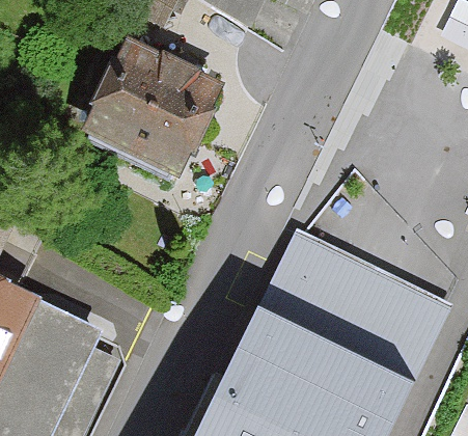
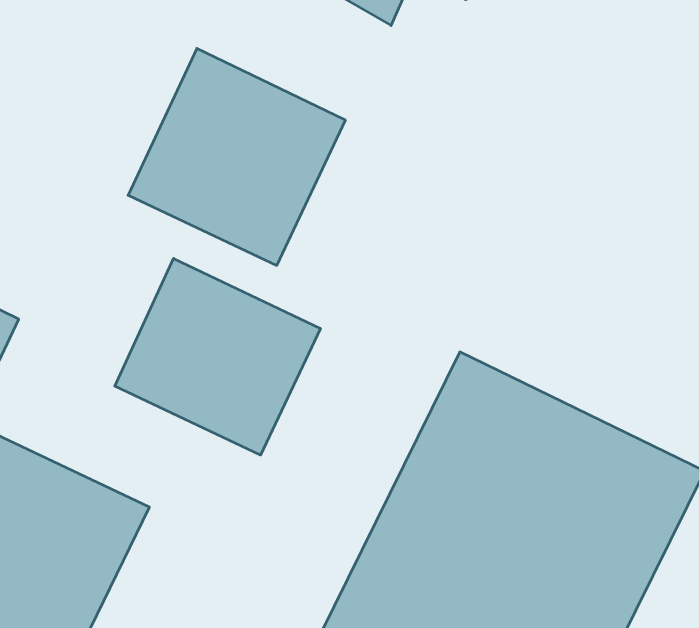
building: none -> [115,258,320,455]

